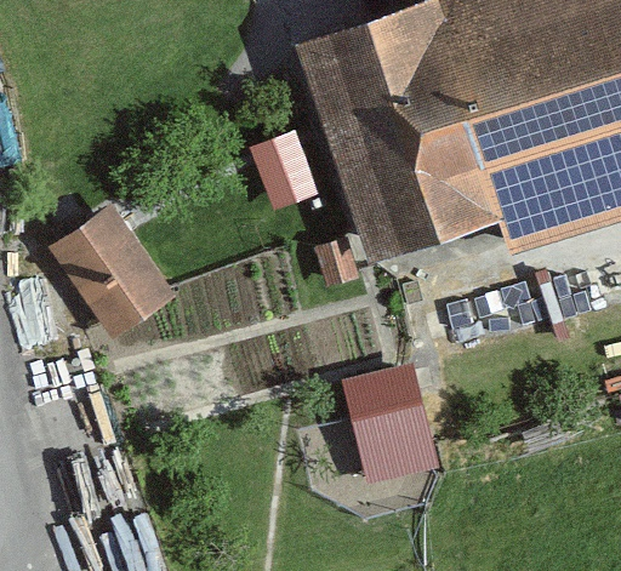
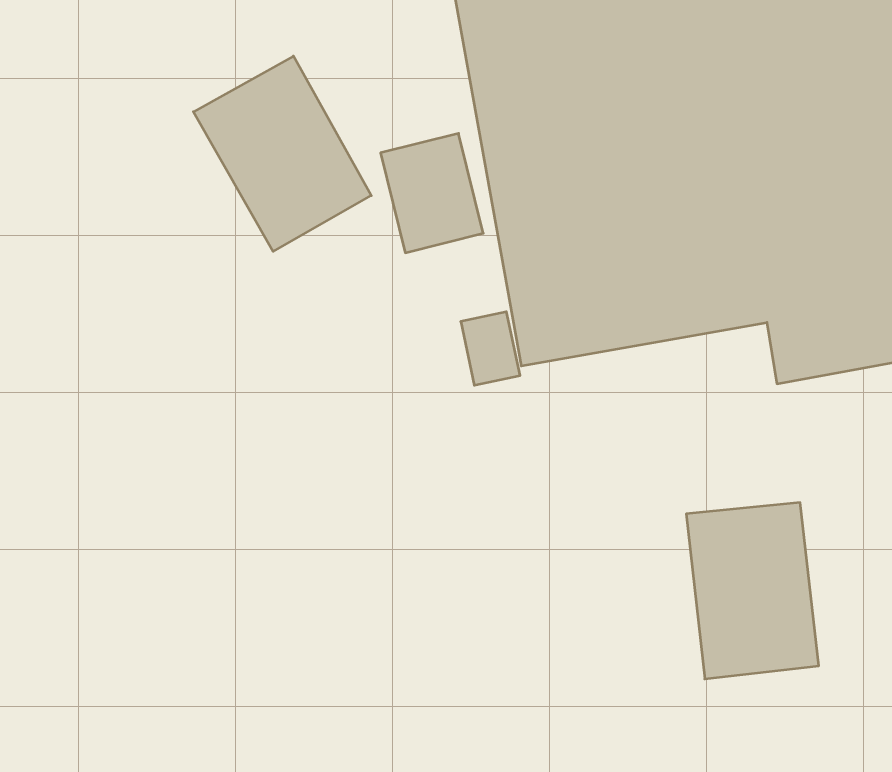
building: [53,209,171,332] -> [193,56,371,251]
building: [346,366,440,484] -> [686,503,819,679]

